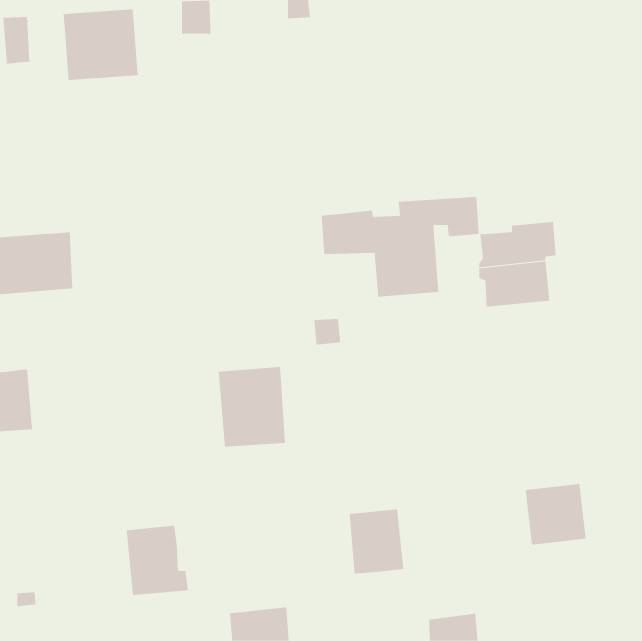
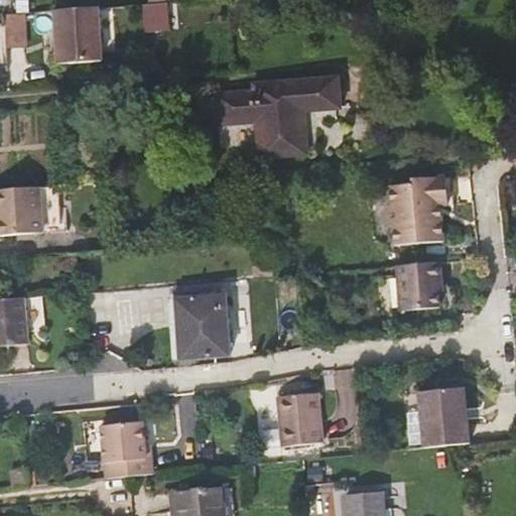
building: [321,196,480,297] -> [213,77,340,157]
building: none -> [394,261,440,310]

